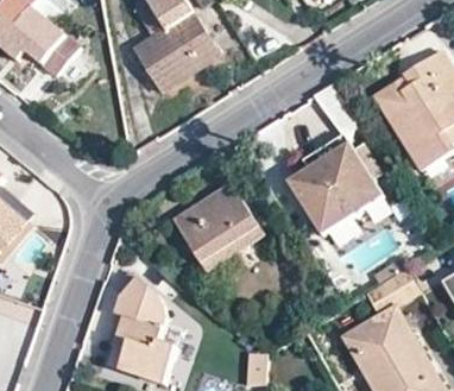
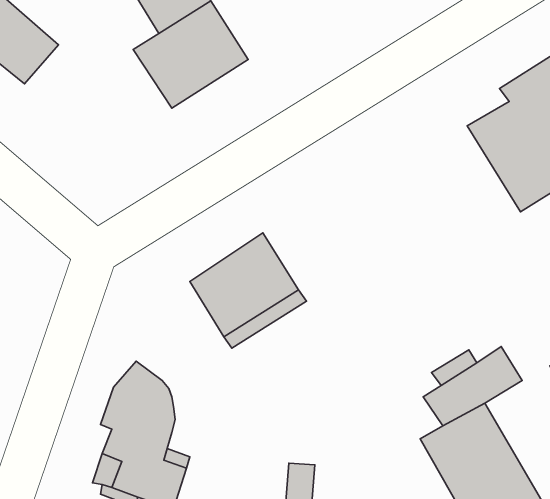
building: [285,144,379,232] -> none

